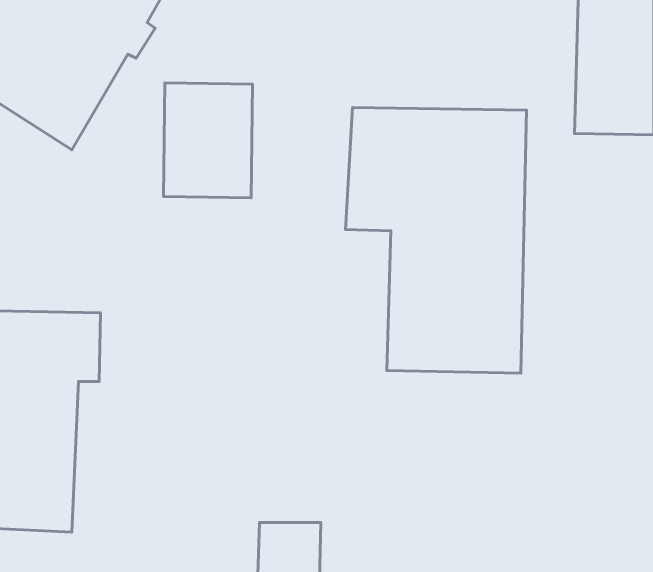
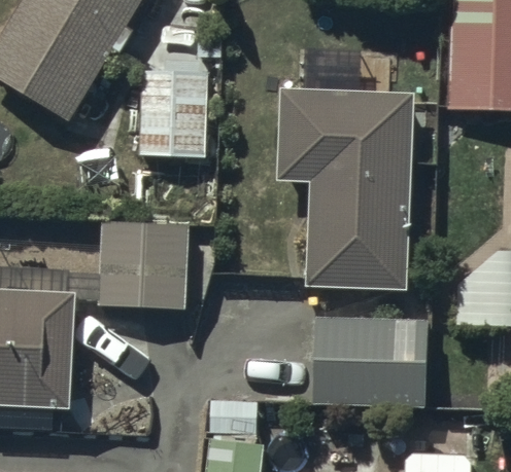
building: none -> [98,222,186,308]
building: none -> [315,317,431,405]

